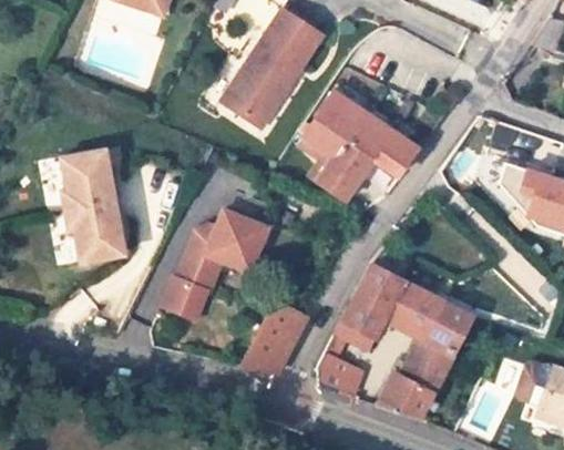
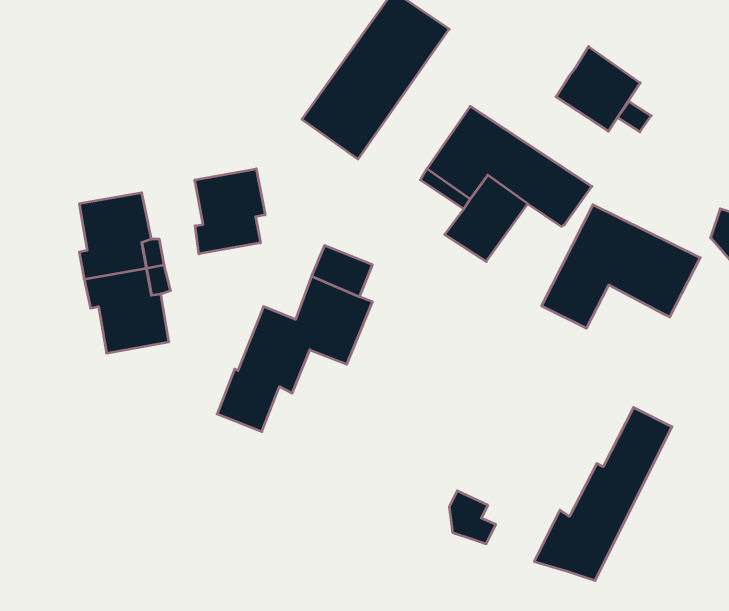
building: none -> [556,46,640,131]
building: none -> [195,169,265,254]
building: [337,263,447,348] -> [542,205,700,328]
building: [243,299,310,372] -> none

